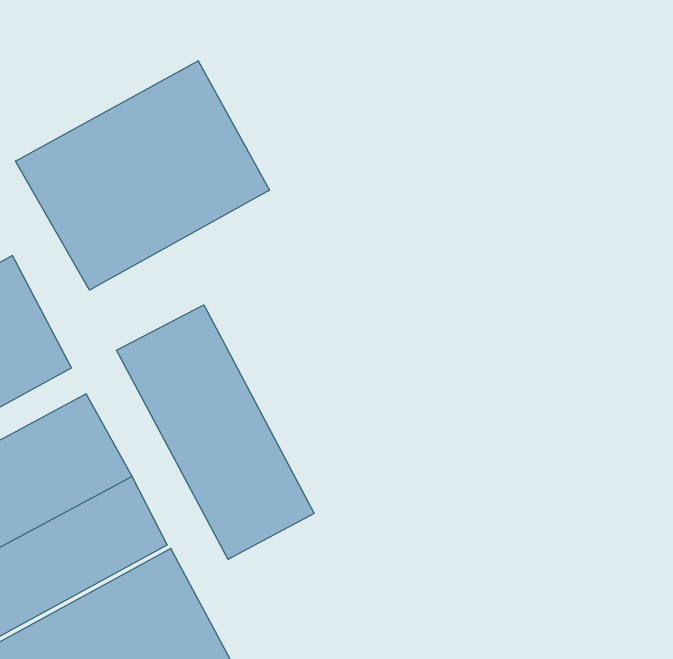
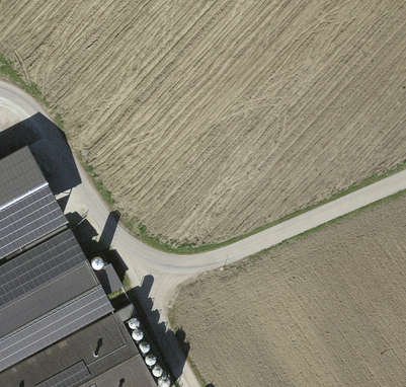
building: [15,61,270,290] -> none
building: [116,305,314,559] -> none

